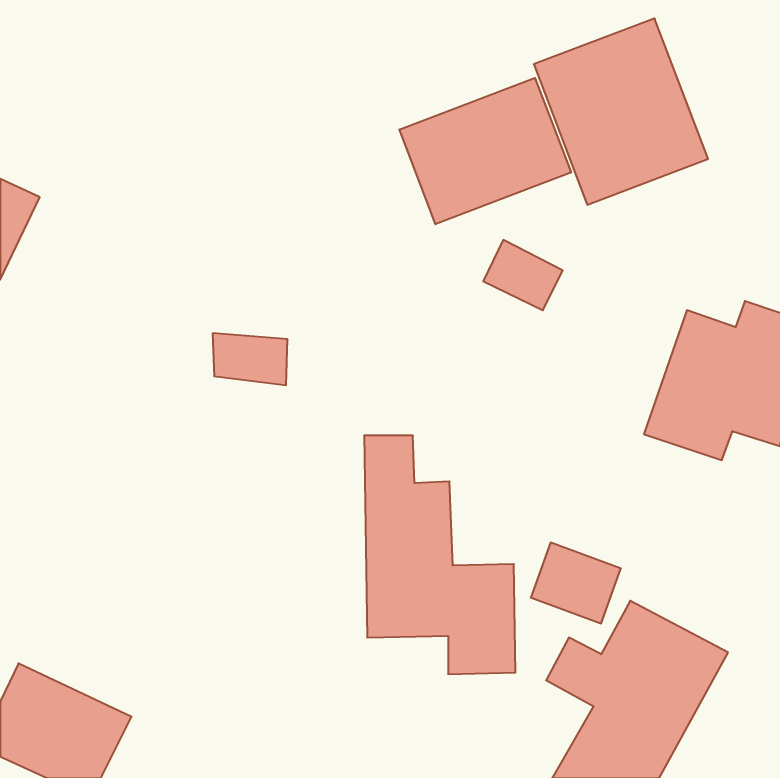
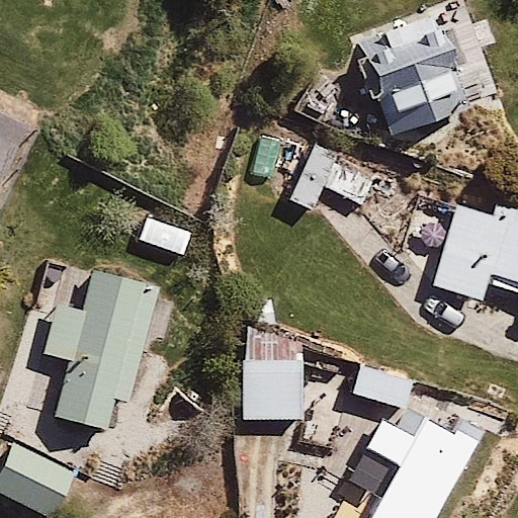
building: [399,78,571,224] -> none
building: none -> [47,277,157,437]

